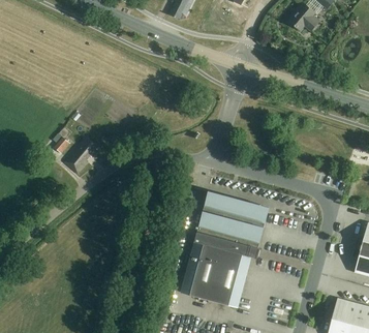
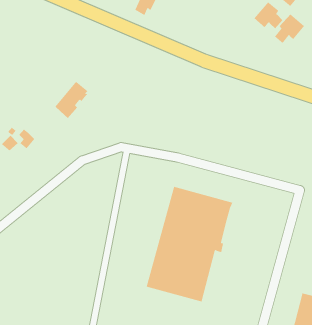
building: none -> [274,13,305,44]
building: [64,135,98,174] -> [54,81,88,119]

